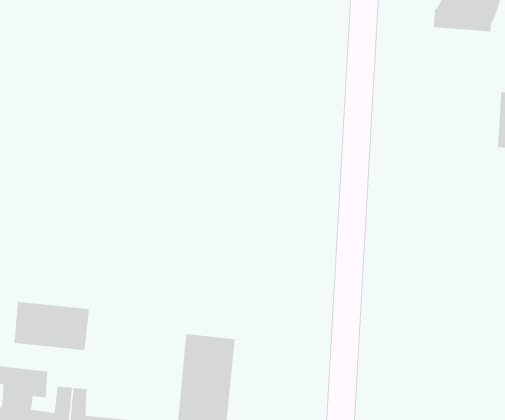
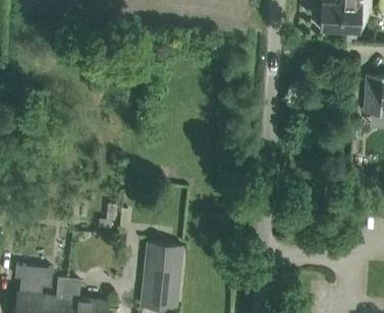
building: [14,301,89,351] -> none

